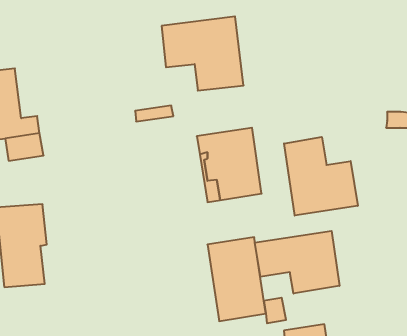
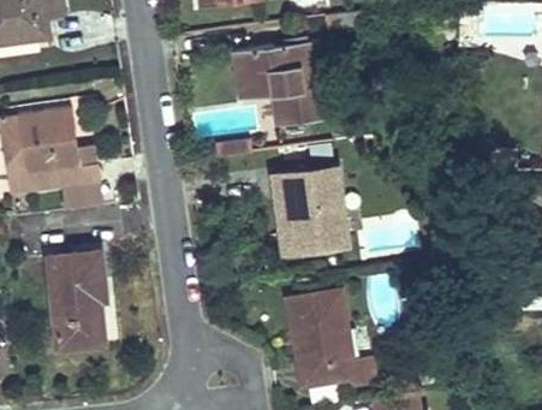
building: [284,137,358,216] -> none
building: [255,231,339,294] -> none

